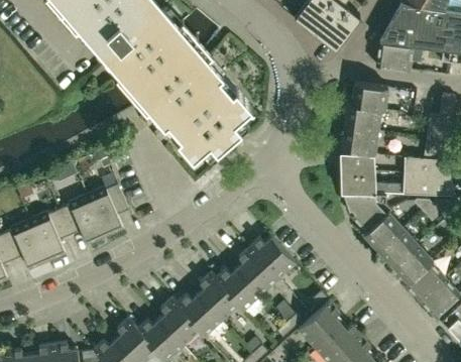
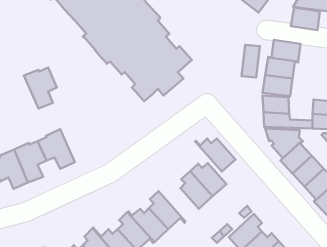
building: none -> [242,45,260,77]
building: [87,185,128,236] -> [24,67,57,109]
building: [210,268,260,310] -> [195,138,236,171]

